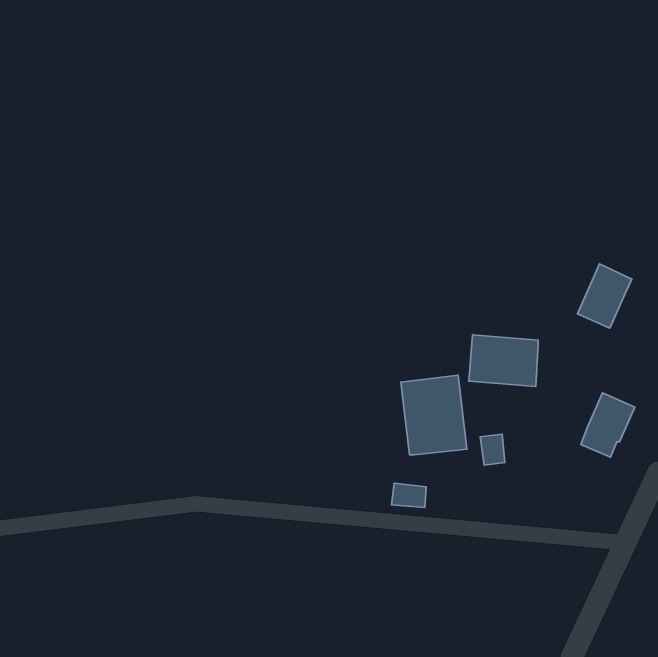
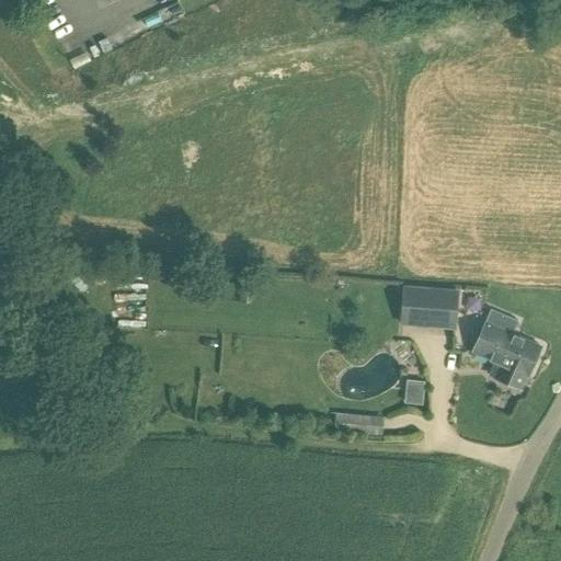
building: [578,264,632,328] -> [472,309,518,364]
building: [401,375,467,455] -> none

